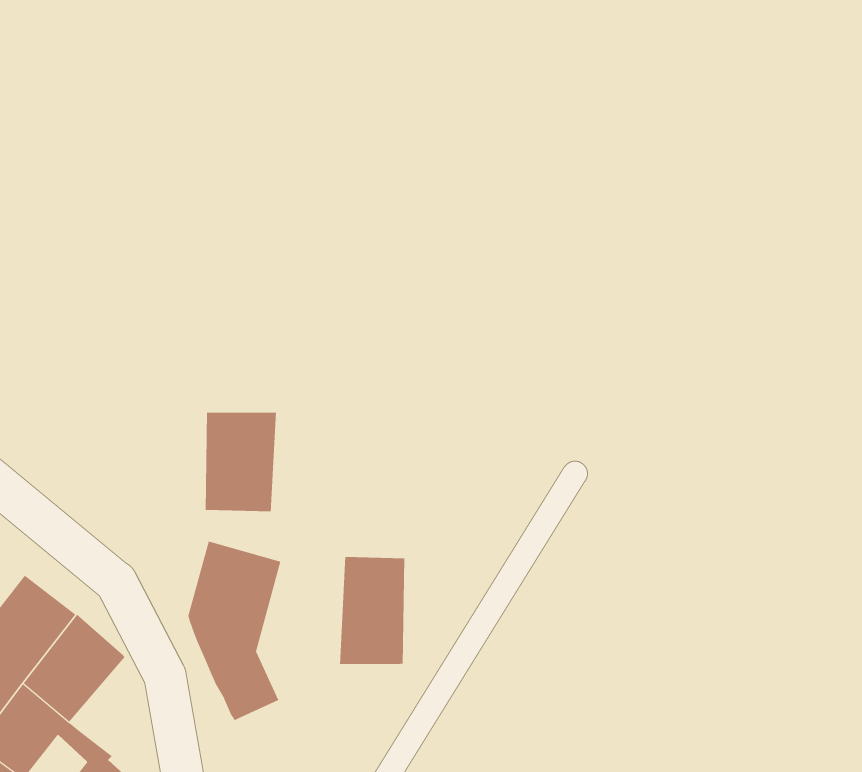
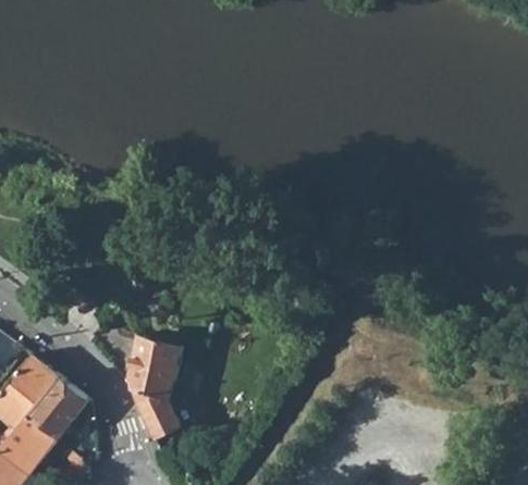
building: [205,412,277,512] -> none
building: [340,556,405,665] -> none

